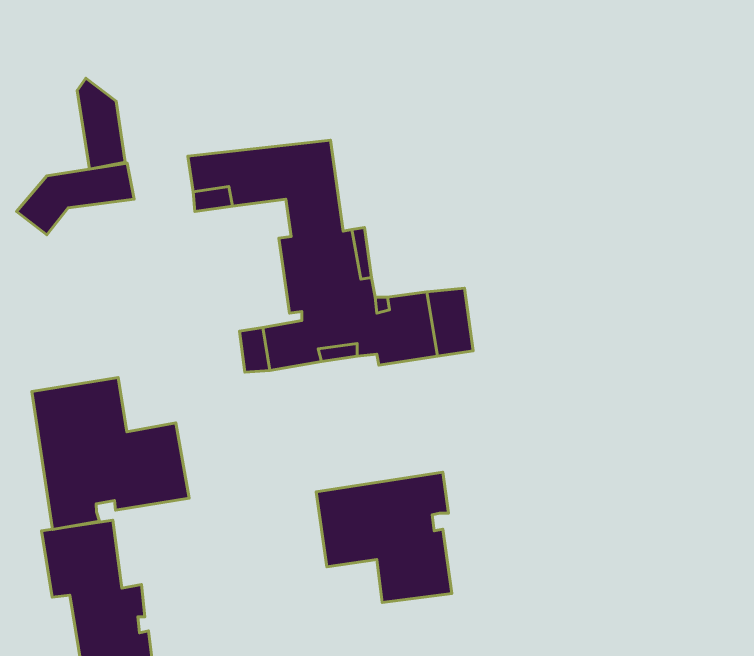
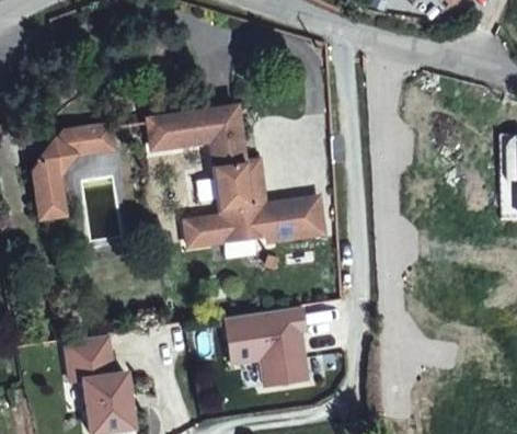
building: [77,78,125,169] -> [41,148,70,204]
building: [32,378,189,529] -> none

